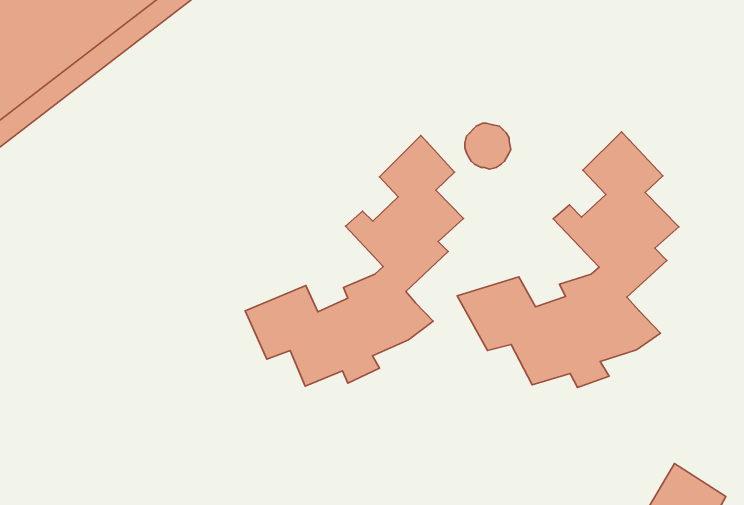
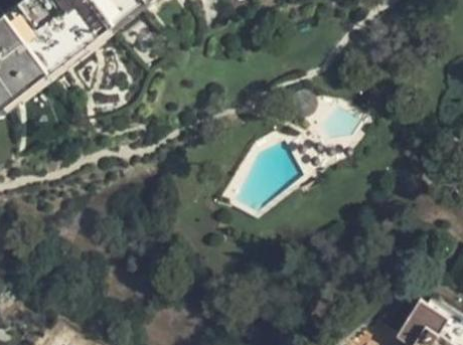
building: [457,132,679,388] -> none
building: [245,135,463,386] -> none

